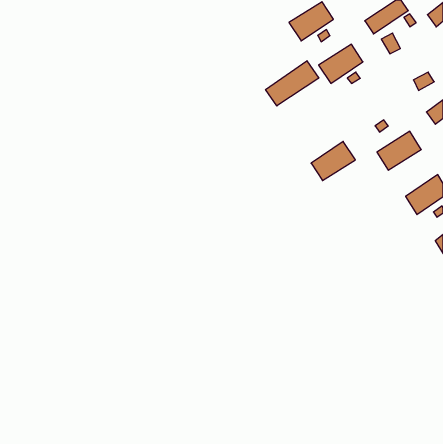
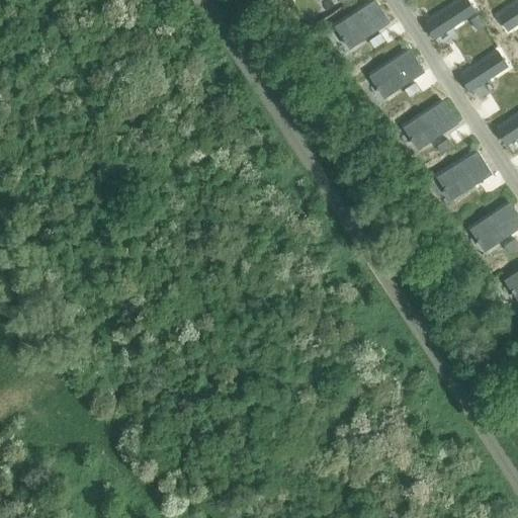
building: none -> [458,53,507,92]
building: [266,61,319,106] -> none
building: [311,141,355,181] -> [405,102,456,148]

